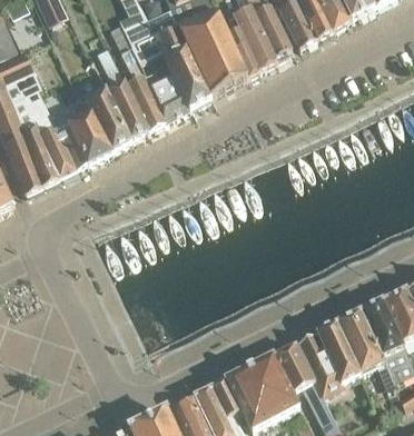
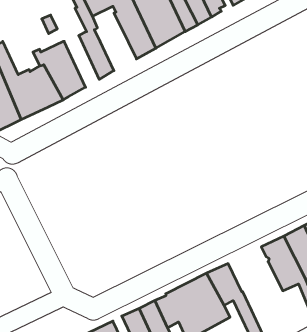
building: [97,47,147,141] -> none
building: [148,70,189,122] -> none
building: [294,324,356,396] -> none

